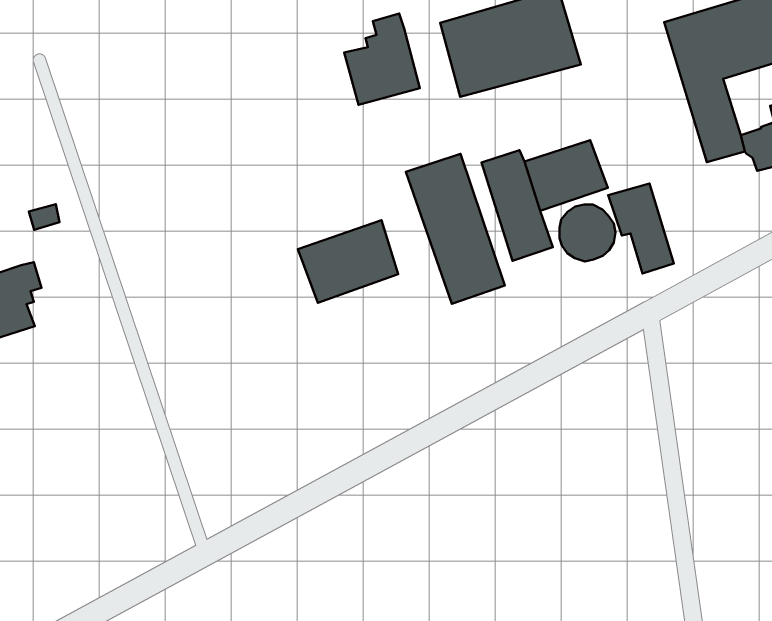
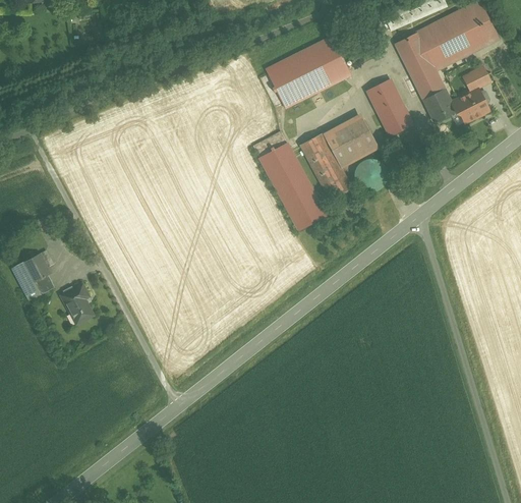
building: [344,13,420,105] -> none
building: [608,184,674,274] -> [365,79,411,133]
building: [298,220,398,303] -> none
building: none -> [62,283,94,324]

